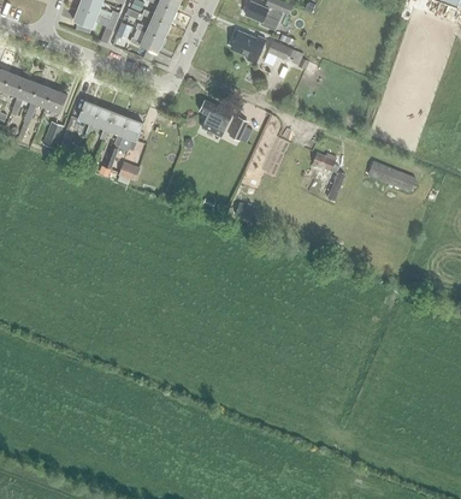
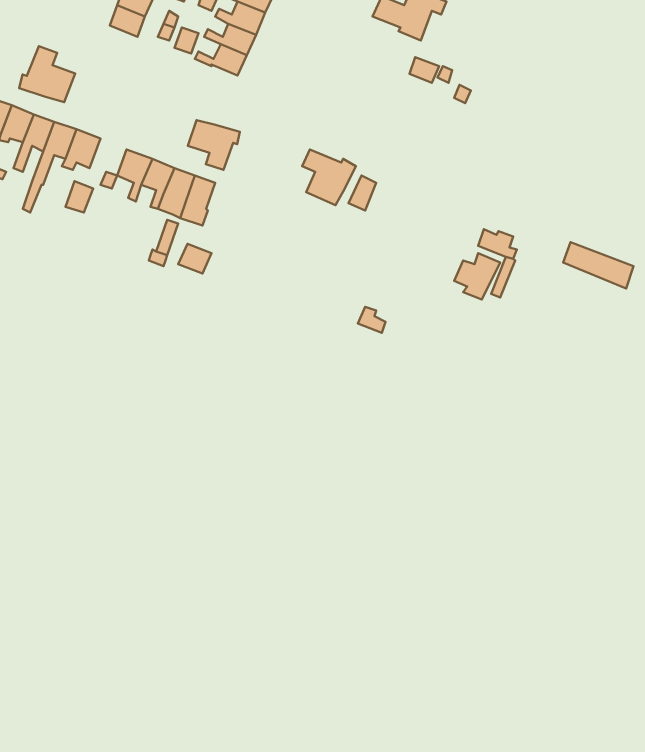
building: [230,29,265,63] -> none
building: none -> [19,46,75,102]
building: none -> [188,120,240,170]

